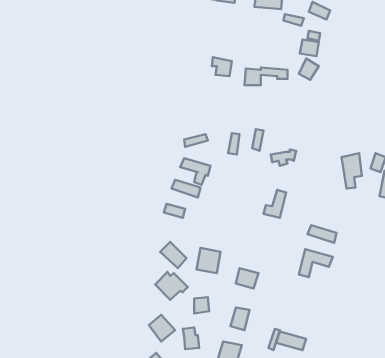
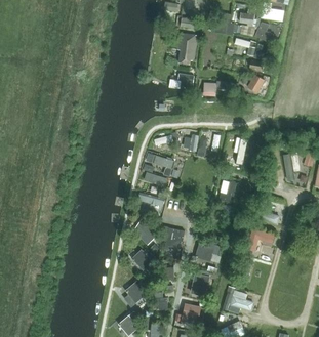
building: none -> [177,33,198,65]

